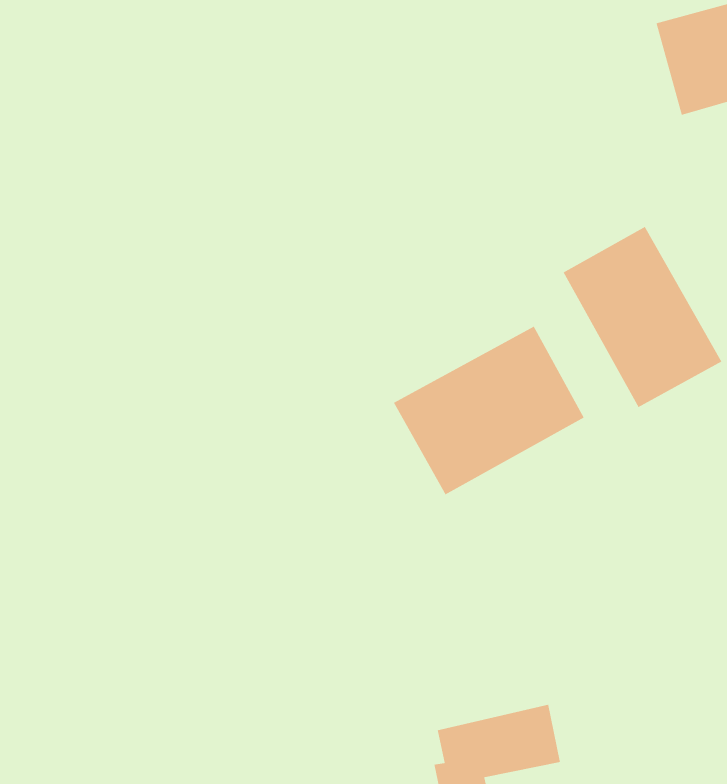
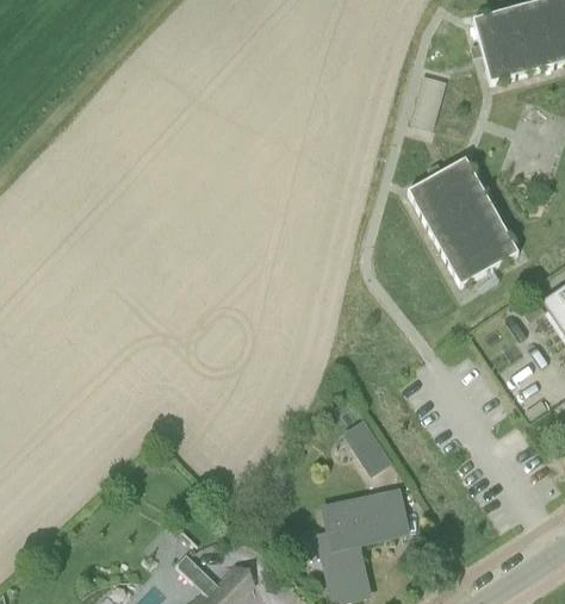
building: [393,326,585,496] -> none
building: none -> [342,417,392,475]

